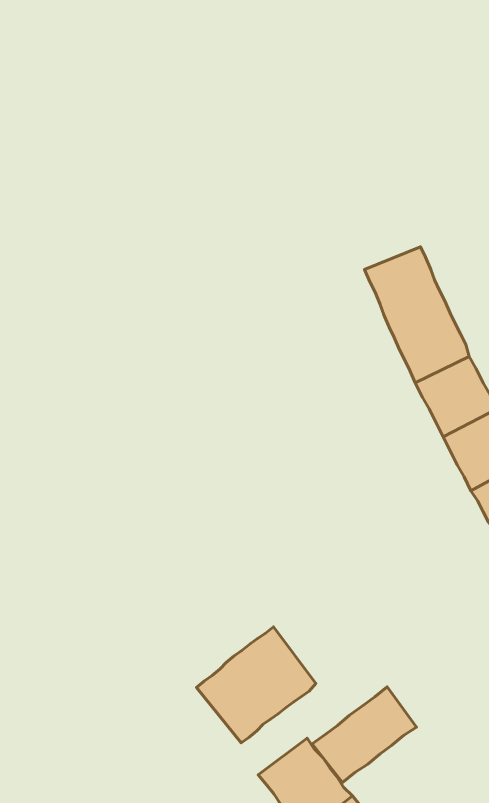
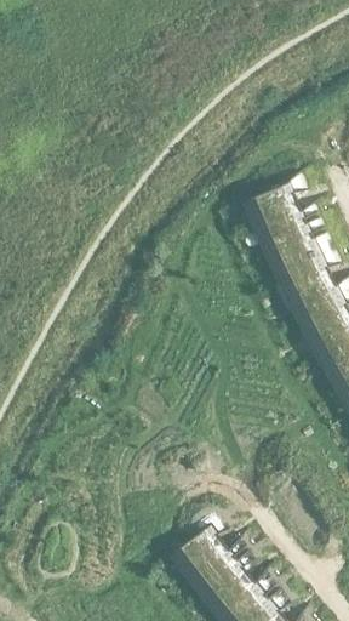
building: [196,627,316,743] -> none
building: [312,687,417,783] -> none

